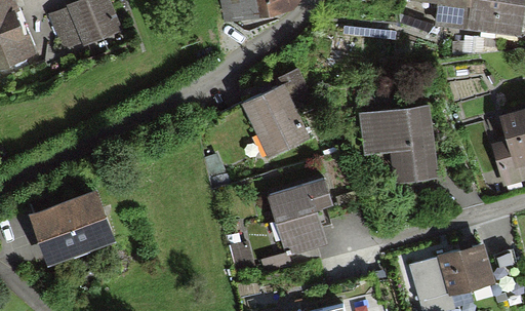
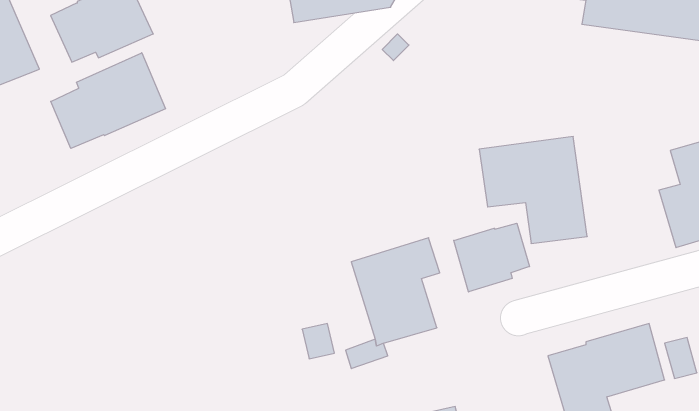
building: none -> [51,53,165,148]
building: [221,68,316,155] -> none
building: none -> [454,223,529,292]
building: [27,189,116,269] -> none

